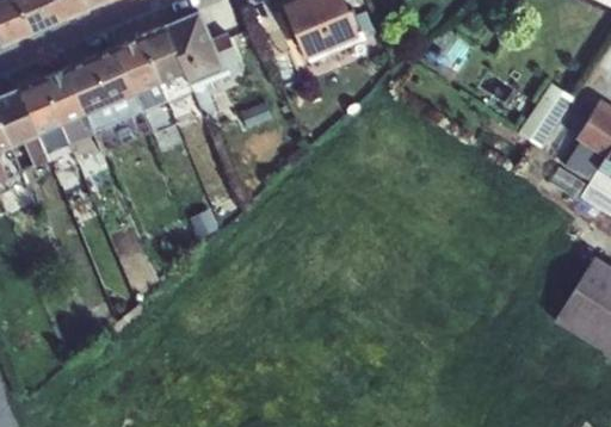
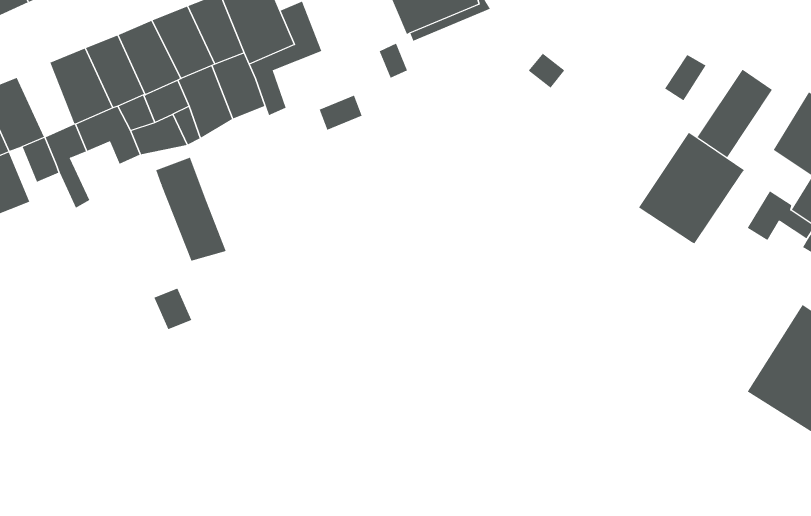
building: [18,79,60,134] -> none
building: none -> [638,132,745,244]
building: none -> [155,157,226,262]

